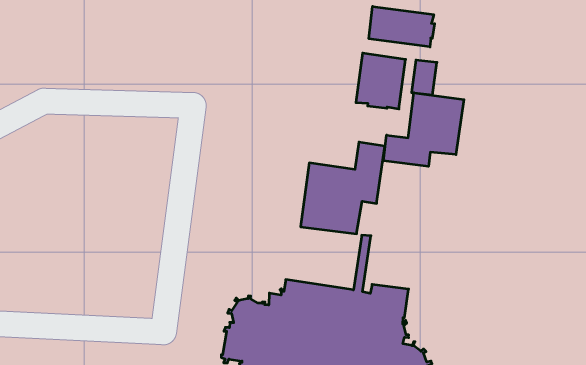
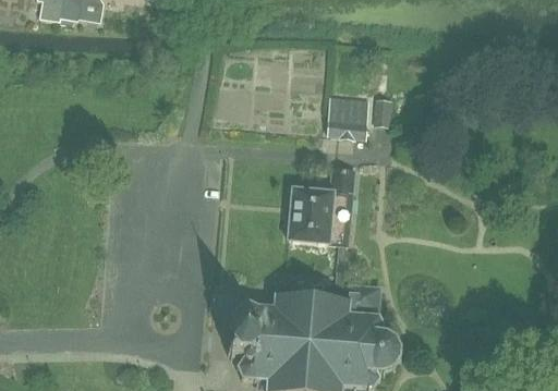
building: [369,6,435,47] -> none
building: [383,93,464,166] -> none

